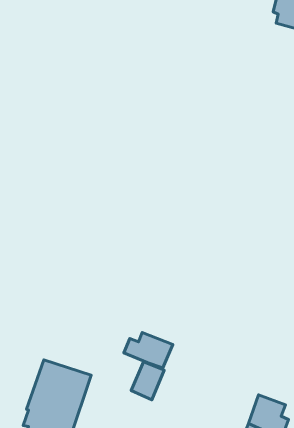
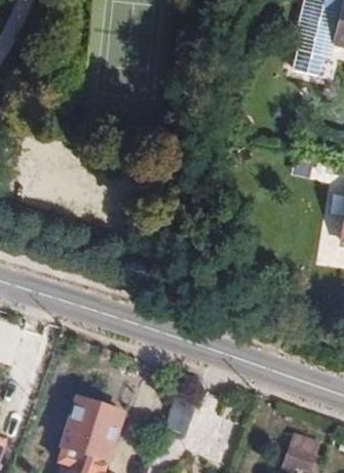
building: [124,332,173,368] -> none

